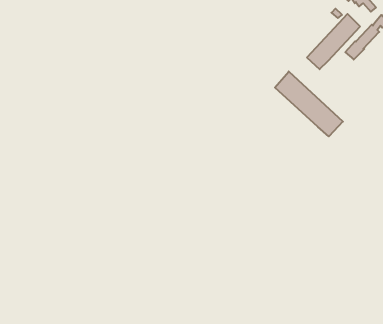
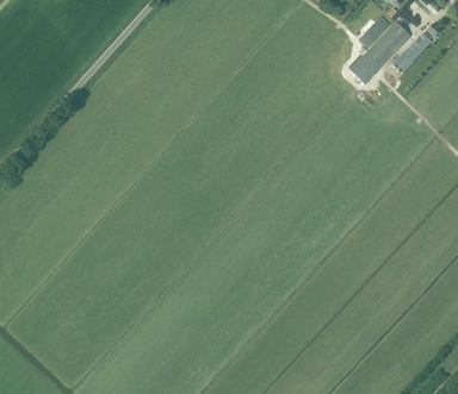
building: [275,71,343,136] -> none

